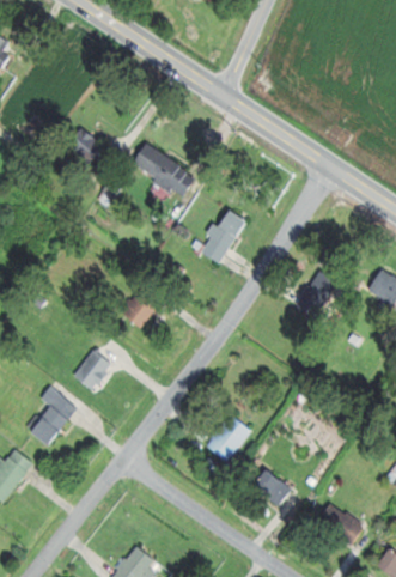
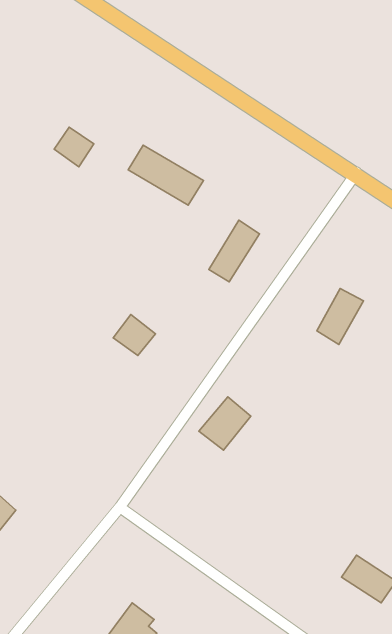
building: [73,350,112,390] -> none
building: [31,388,78,445] -> none
building: [206,414,251,461] -> [199,397,251,450]
building: [252,469,293,508] -> none

